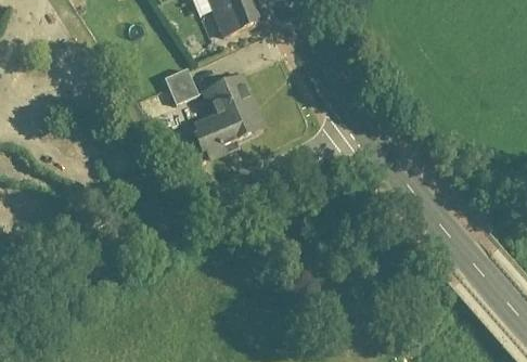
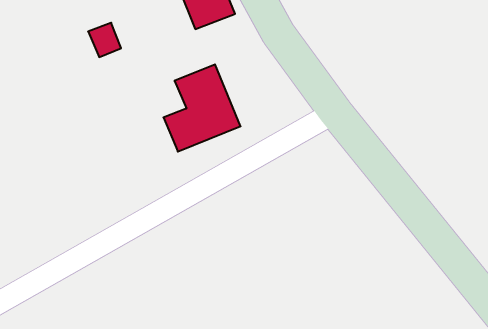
building: [163,68,195,102] -> [88,23,121,57]

